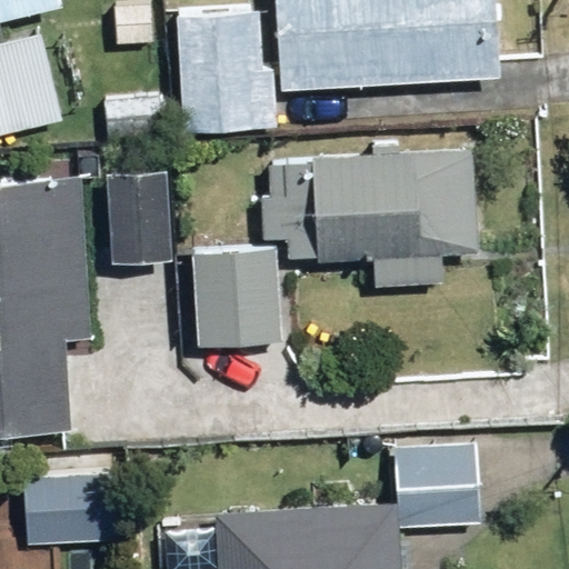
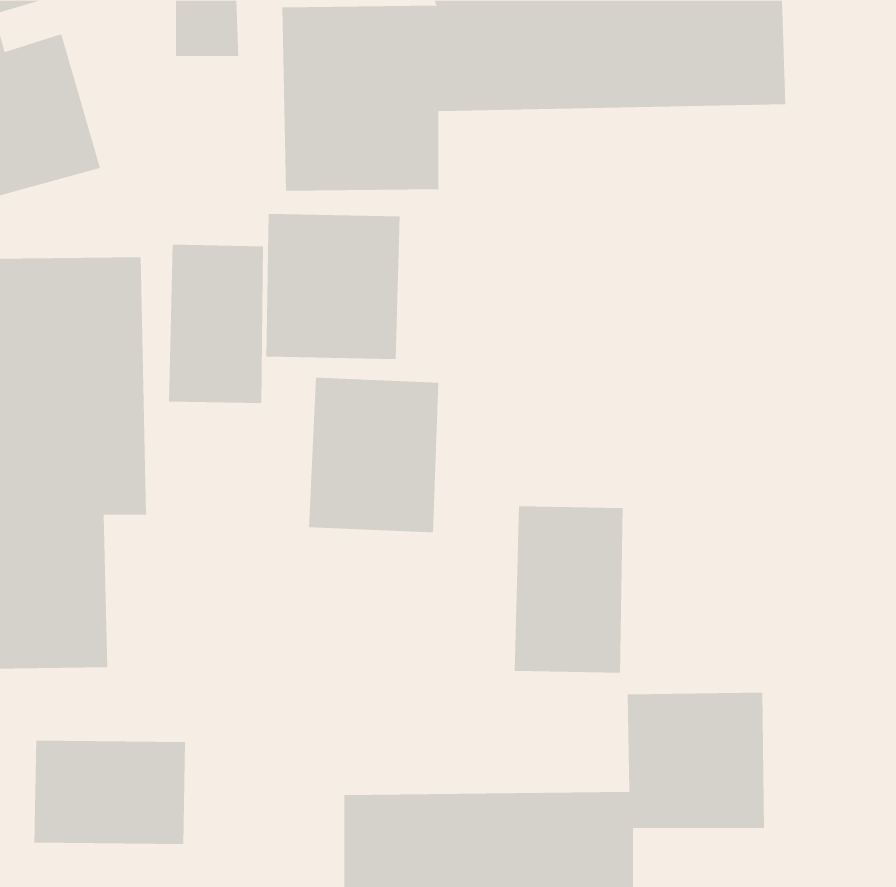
building: none -> [266,213,400,360]
building: [269,146,478,286] -> none
building: none -> [514,506,623,674]

